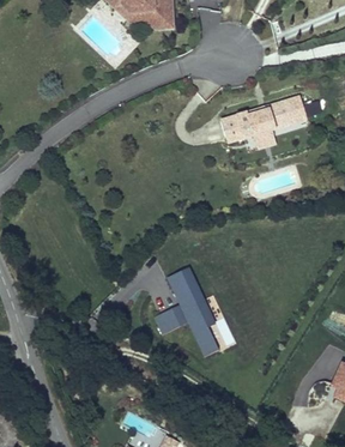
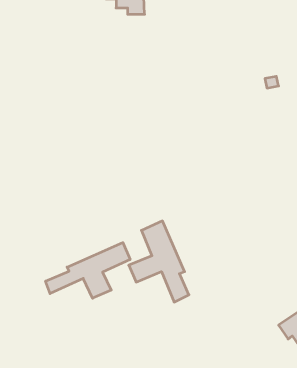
building: [220,98,307,144] -> none
building: none -> [46,243,130,298]

